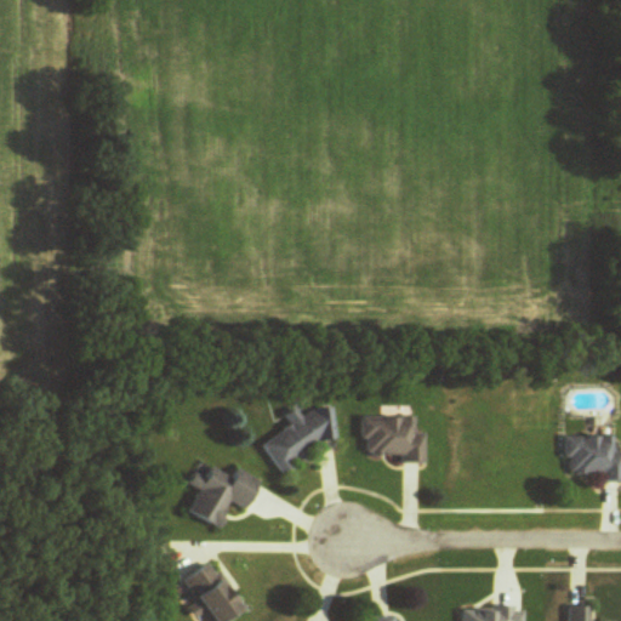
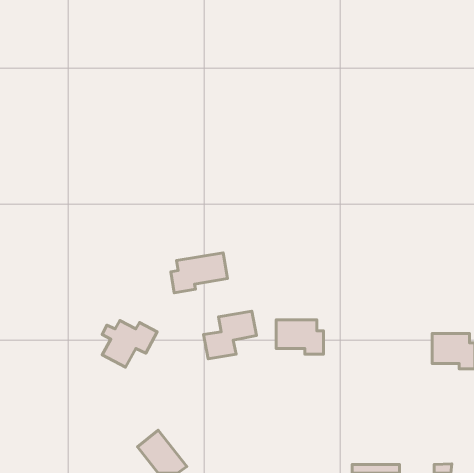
building: none -> [171,253,228,293]
building: [187,466,258,526] -> [102,321,157,367]

